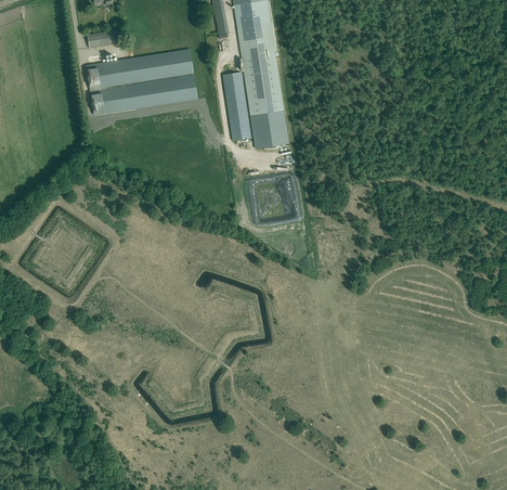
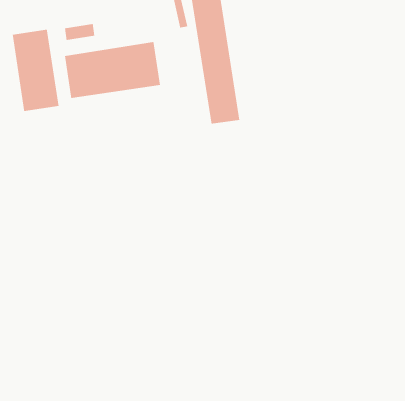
building: none -> [12,29,59,112]
building: [222,72,251,140] -> none

